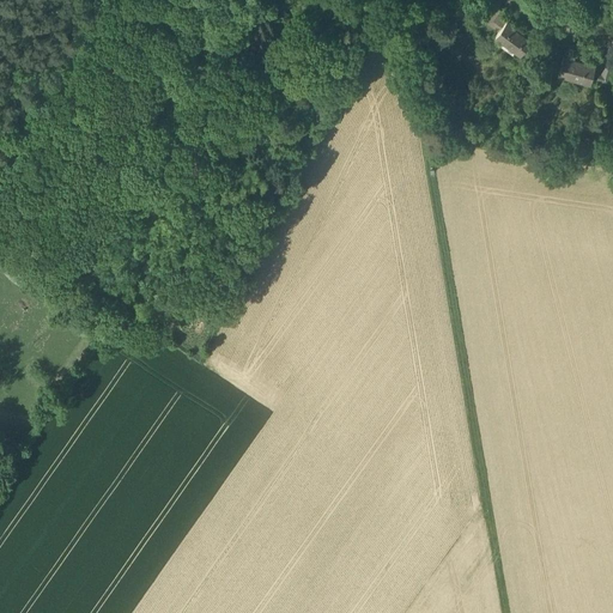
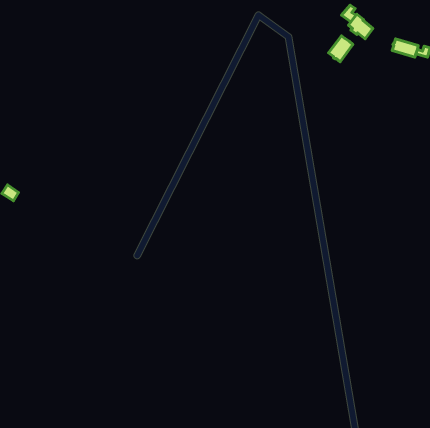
building: none -> [329,36,353,62]

